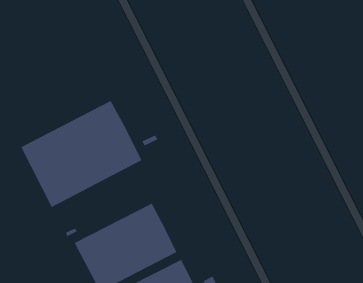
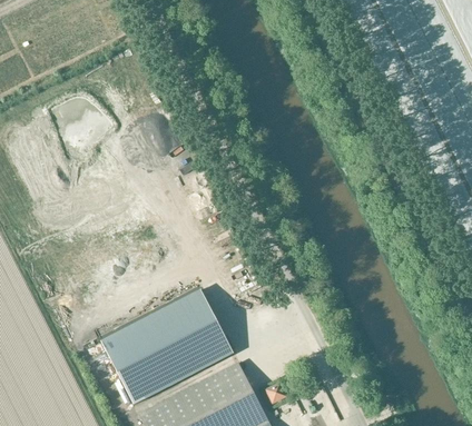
building: [20,100,142,208] -> none

